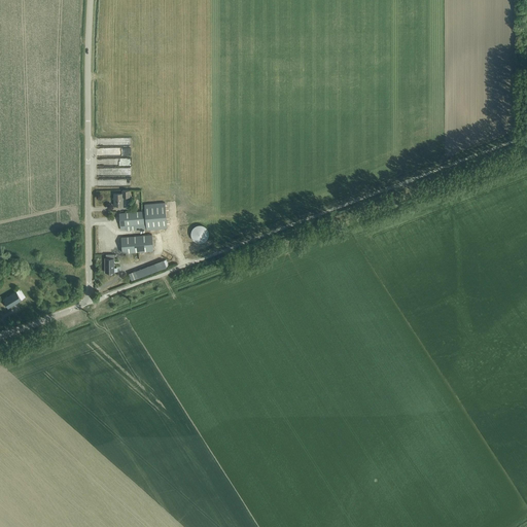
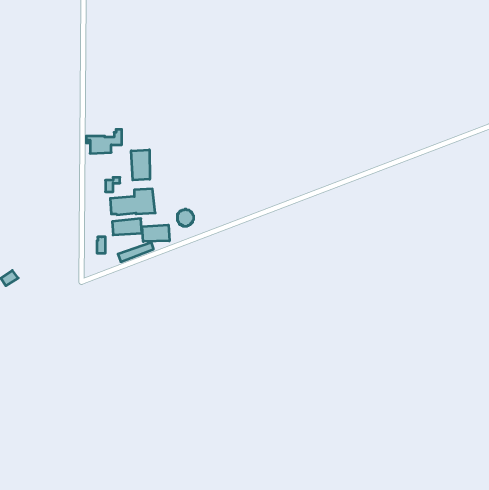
building: none -> [131,150,150,180]
building: none -> [142,225,169,242]

